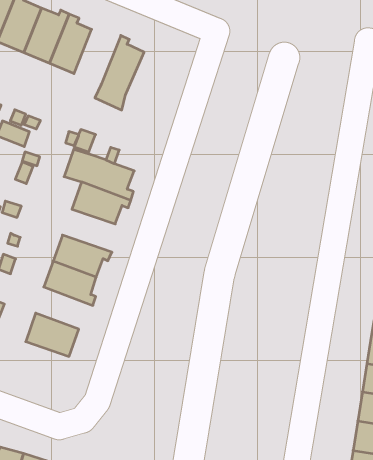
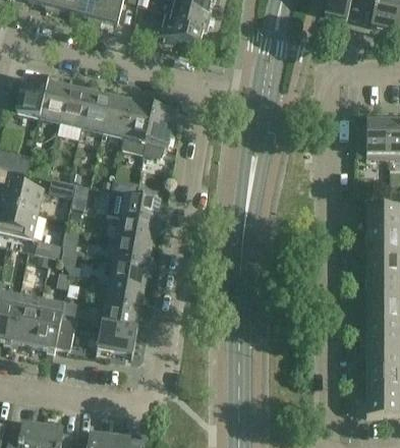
building: none -> [101,95,132,137]
building: none -> [142,107,176,158]
building: none -> [112,238,154,267]
building: none -> [101,302,145,331]

